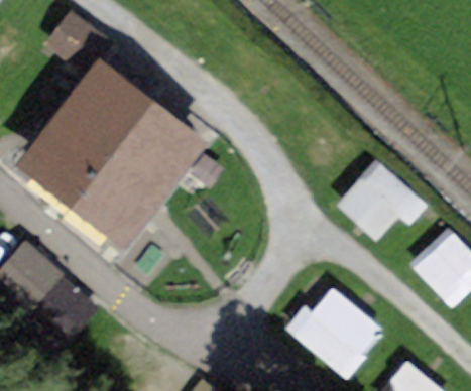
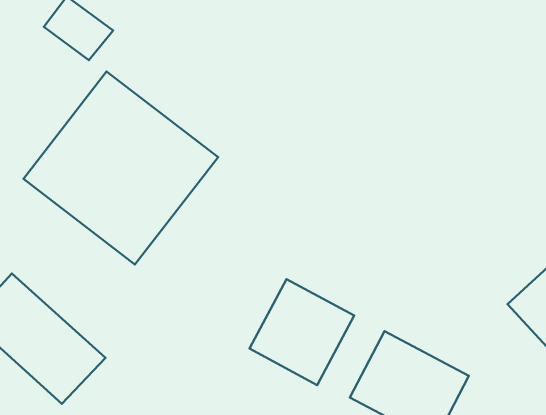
building: [337,160,418,240] -> none
building: none -> [250,279,354,385]

